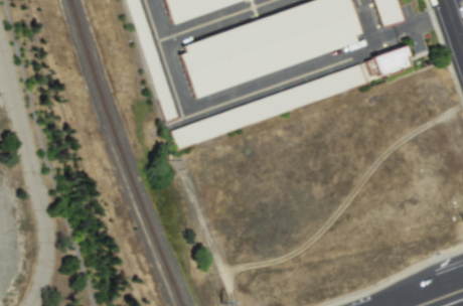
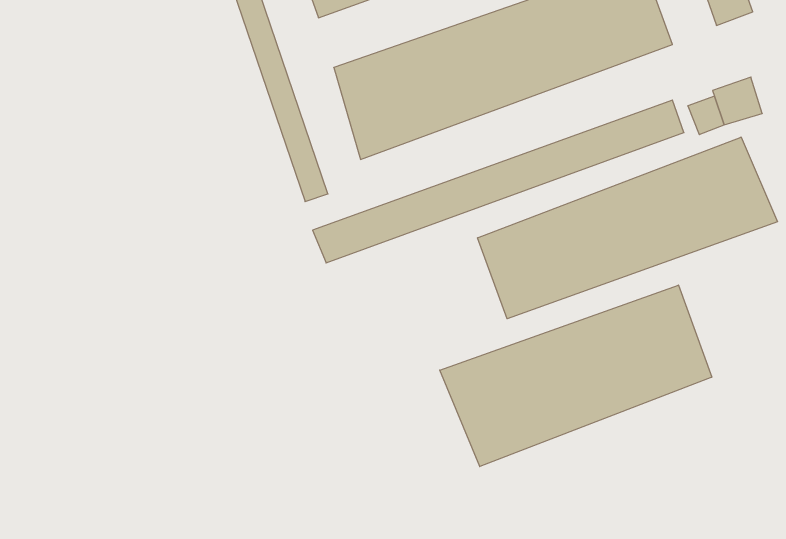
building: none -> [478,137,777,319]
building: none -> [440,285,712,467]

